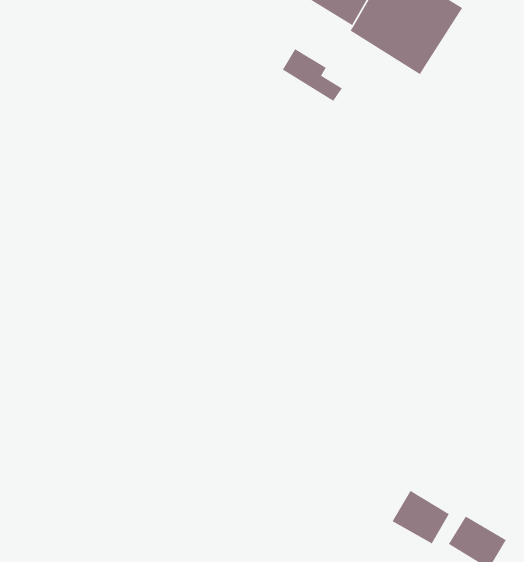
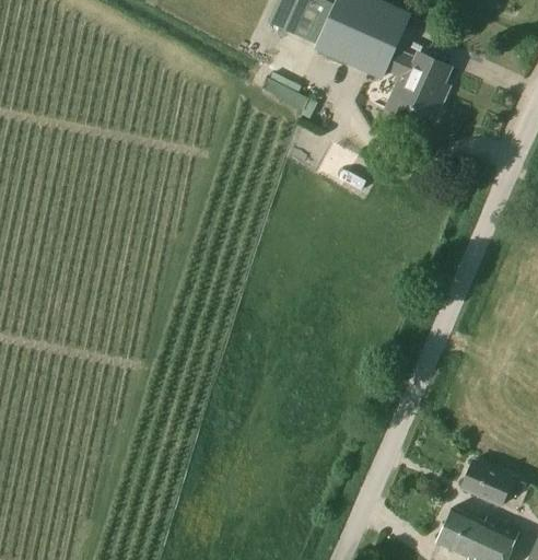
building: none -> [386,47,451,117]
building: [391,490,450,545] -> none

